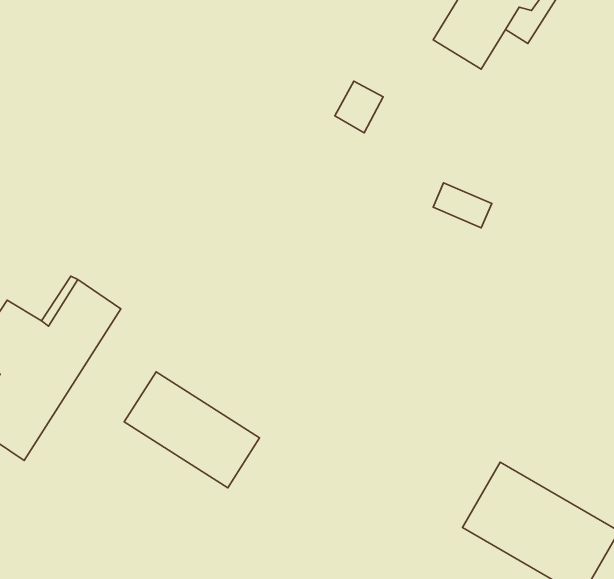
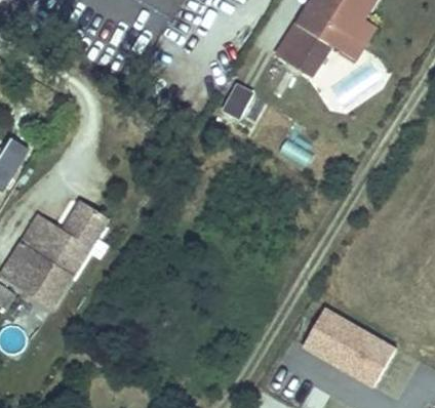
building: [124,372,260,488] -> none

